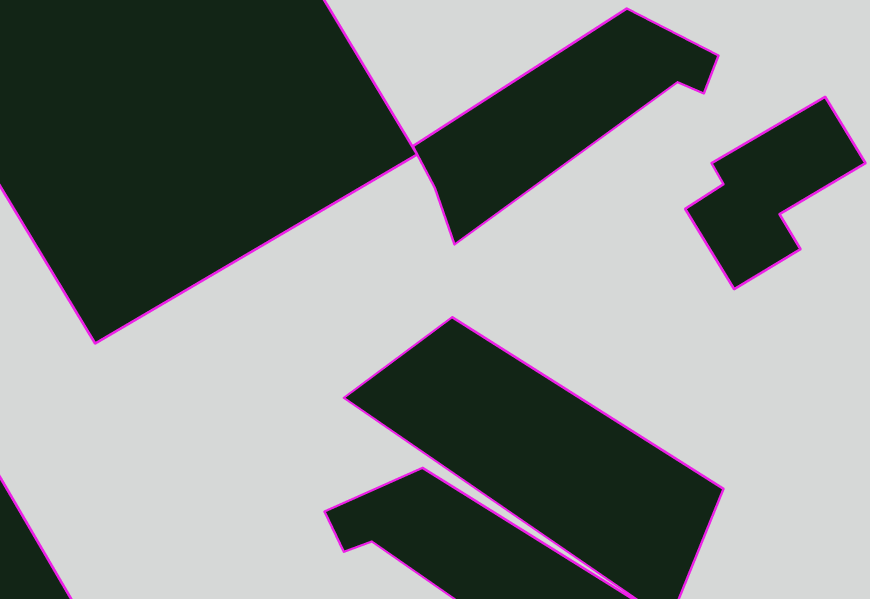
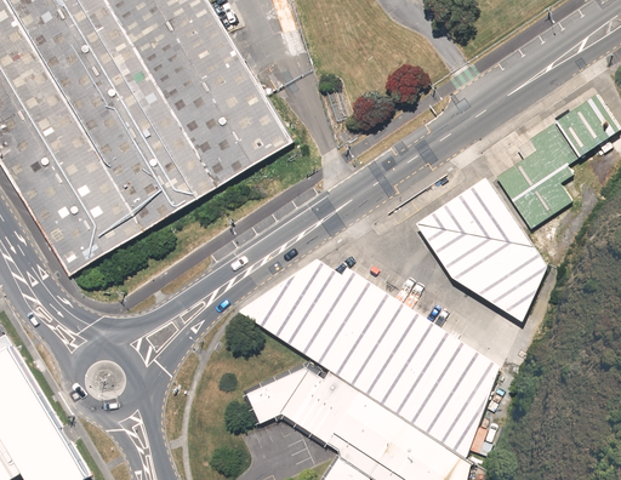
building: [413,9,719,244] -> none
building: none -> [404,176,539,322]

